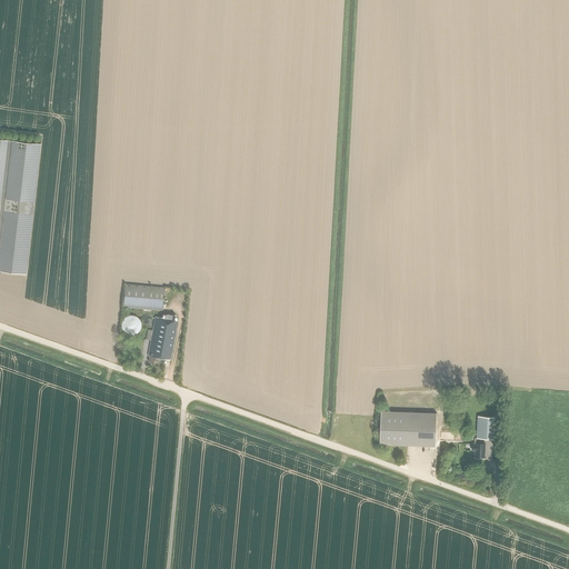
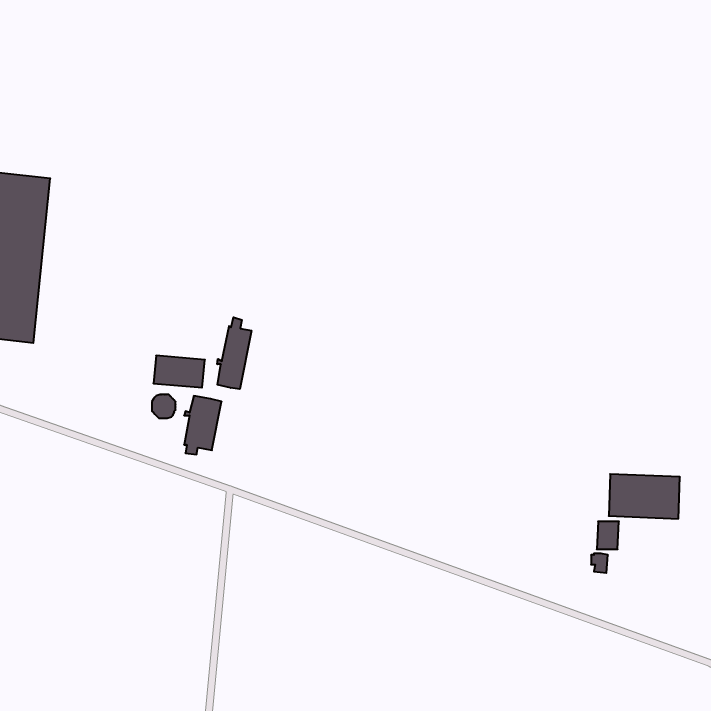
building: none -> [217,317,251,389]
building: [379,410,436,446] -> [609,474,680,519]

